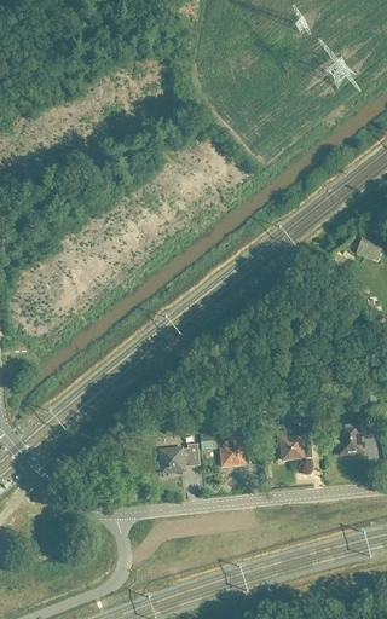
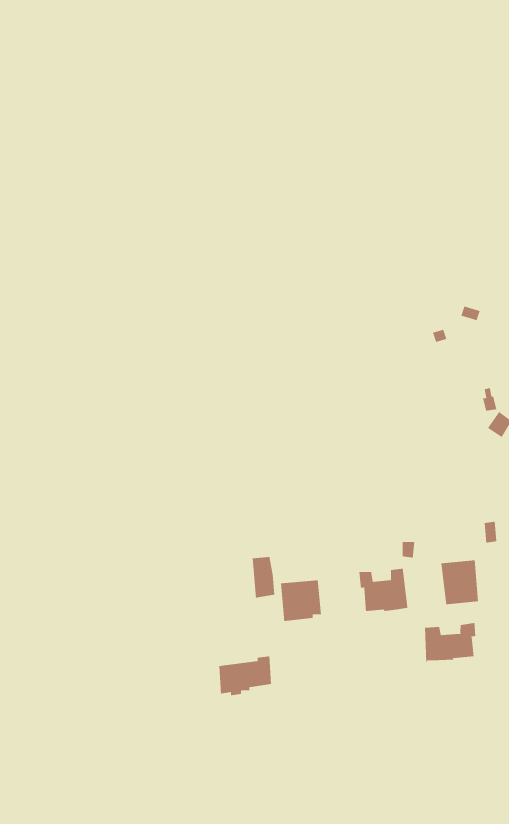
building: [160,444,198,473] -> [219,656,272,696]
building: none -> [425,622,476,663]

